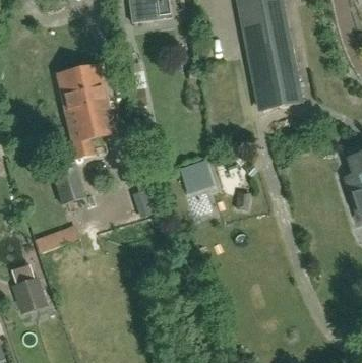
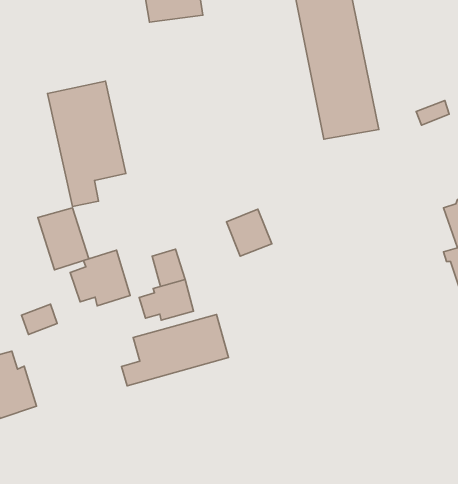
building: none -> [70,250,130,306]
building: none -> [139,279,193,320]
building: none -> [121,315,229,386]

